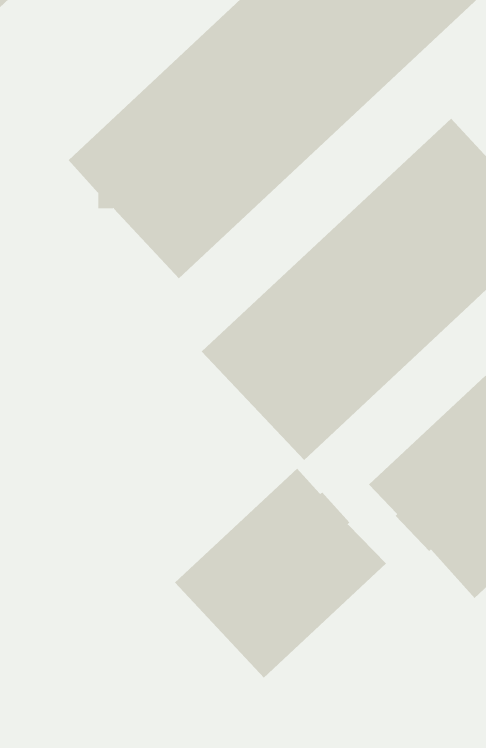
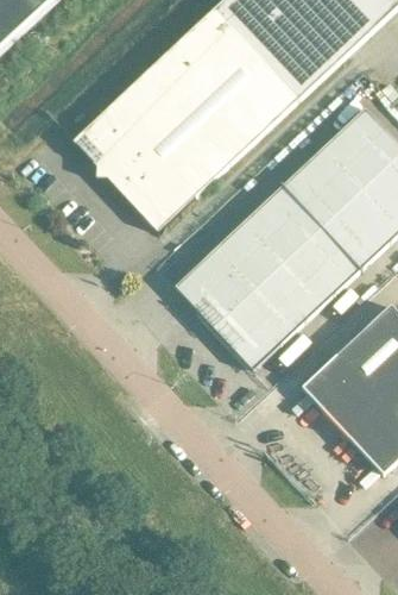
building: [174,468,387,678] -> none

